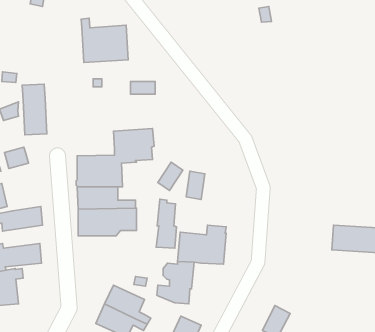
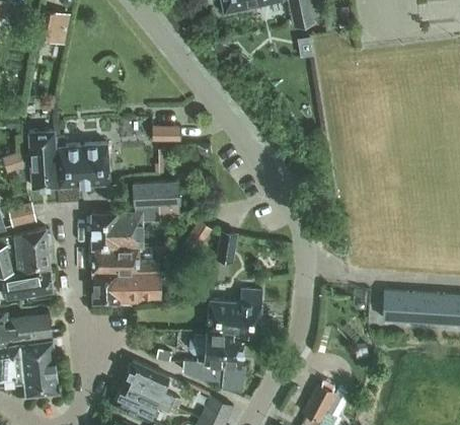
building: [81,18,128,63] -> [56,136,109,187]
building: none -> [14,229,50,276]
building: [156,199,177,248] -> [221,335,244,391]
building: none -> [21,339,58,395]

